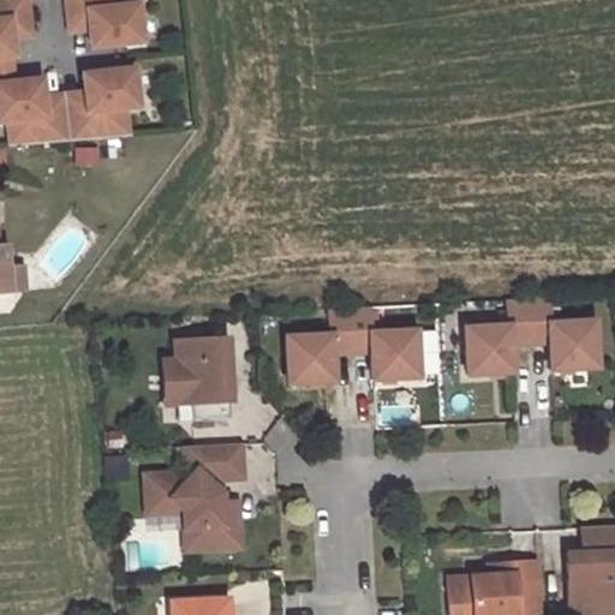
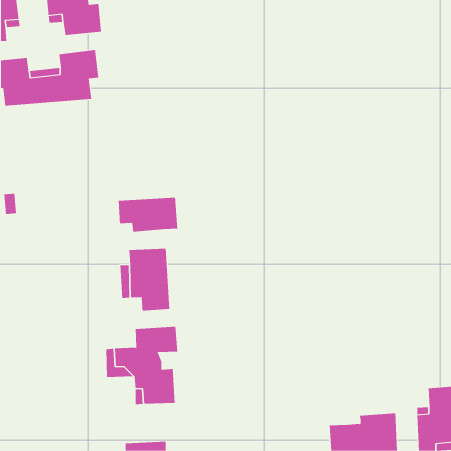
building: none -> [118,197,178,233]
building: [467,298,599,375] -> none
building: [287,306,419,383] -> none

